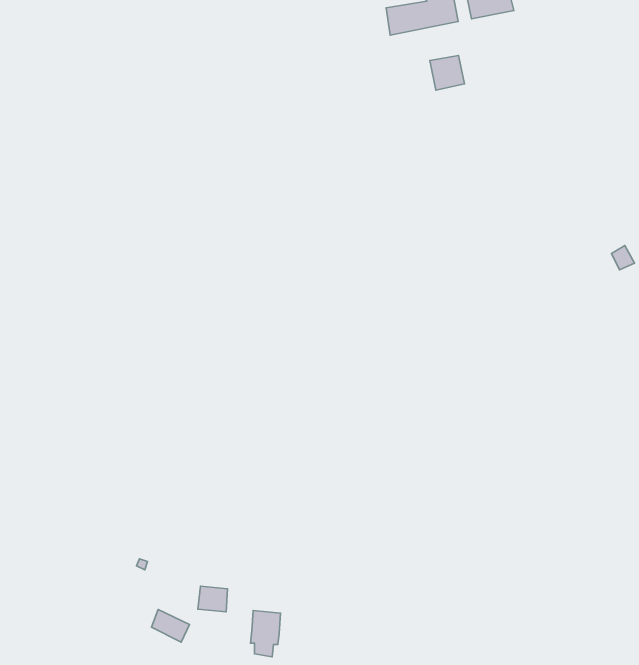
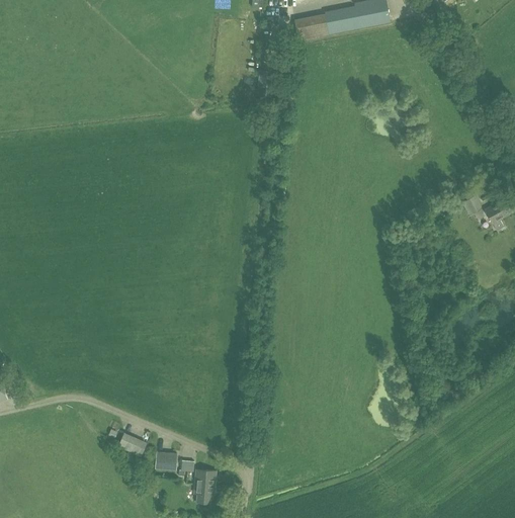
building: [430,56,464,90] -> none
building: [151,609,189,642] -> [118,432,147,456]

